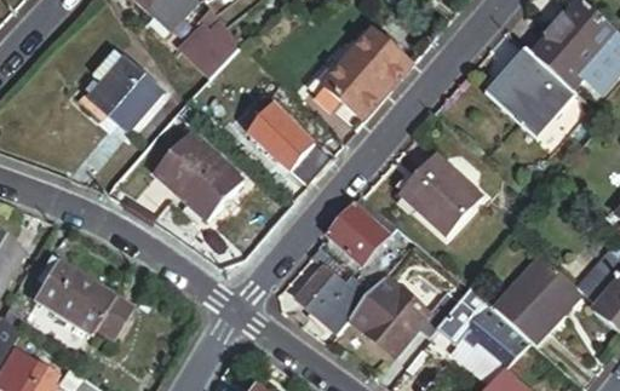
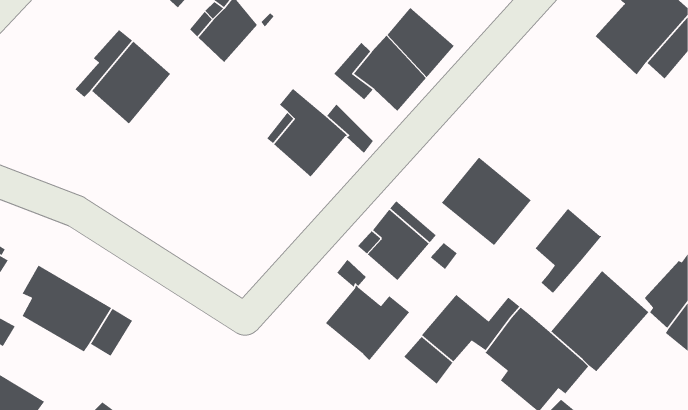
building: [486,48,570,134] -> none
building: [154,137,242,224] -> none
building: none -> [535,208,602,294]

